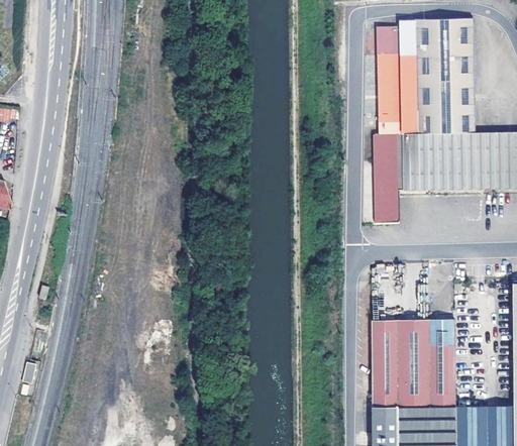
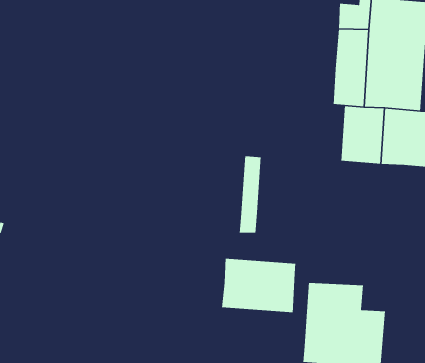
building: [375,134,394,216] -> [239,155,262,234]
building: none -> [221,258,296,313]
building: [429,319,454,346] -> none

